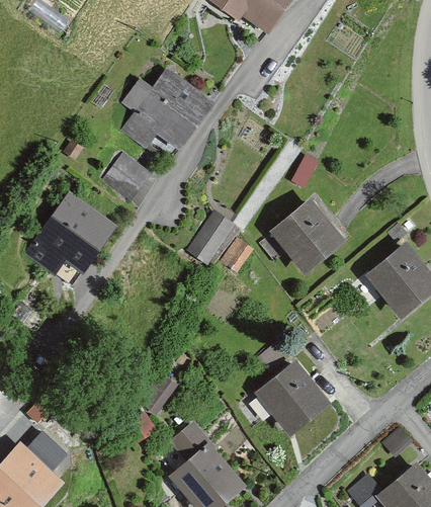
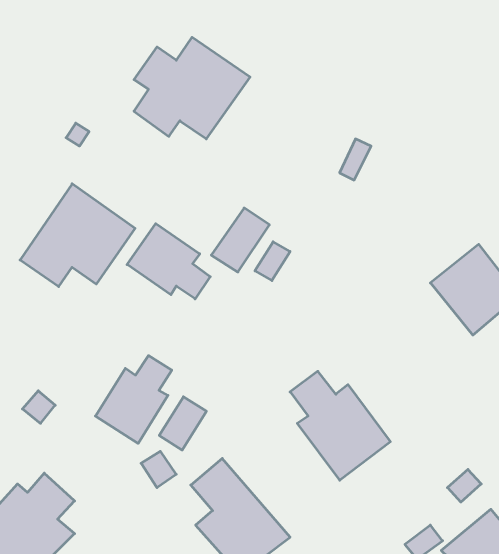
building: [102,155,149,198] -> none
building: [268,197,347,277] -> none
building: none -> [127,224,210,299]
building: none -> [95,356,172,443]

